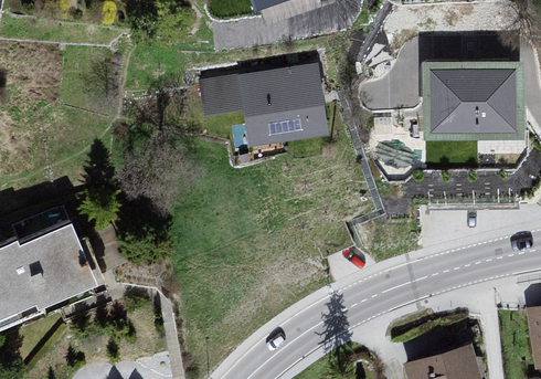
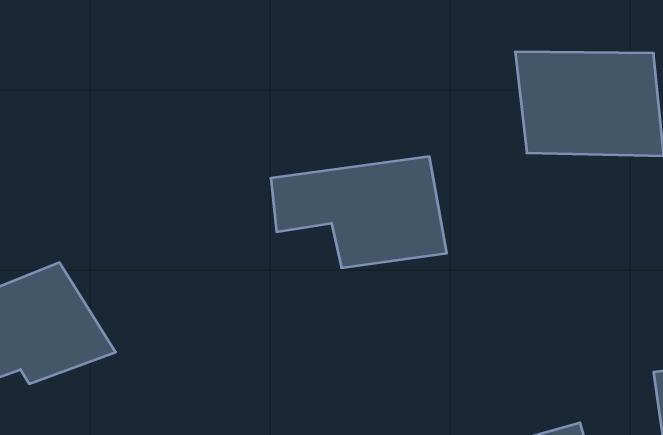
building: [195,66,330,151] -> [271,157,447,268]

